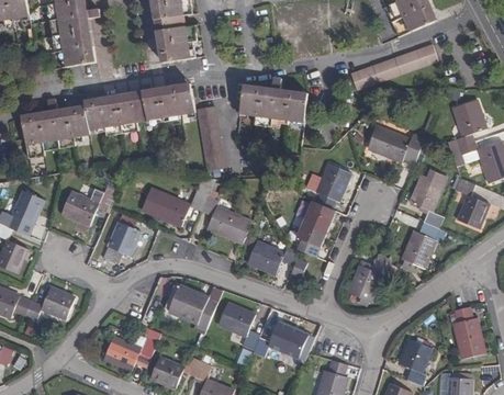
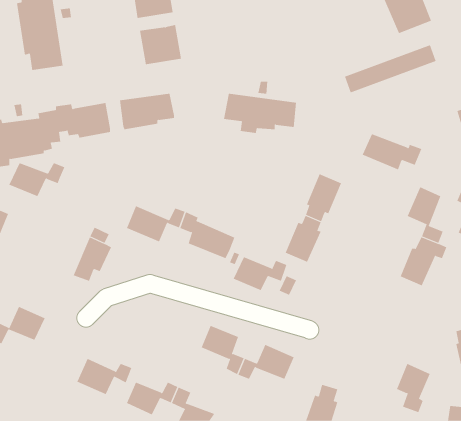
building: [197,105,221,170] -> none
building: [60,192,113,224] -> [8,162,65,197]
building: [347,256,393,297] -> none
building: [165,286,214,328] -> none

